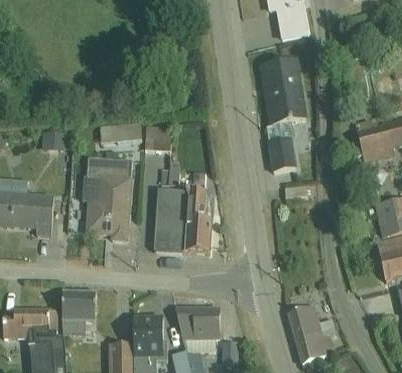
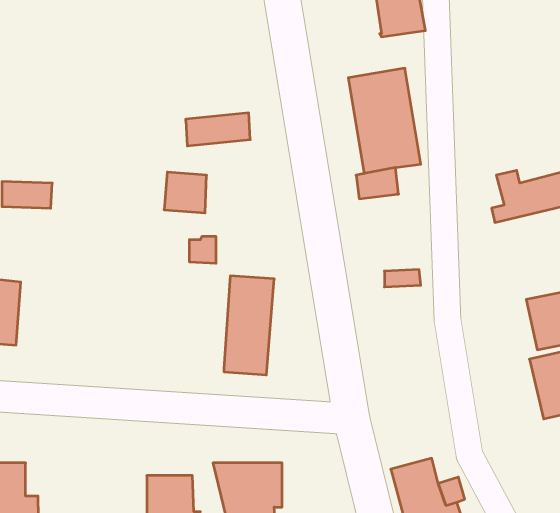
building: [99,120,140,141] -> [186,113,250,146]
building: [267,137,296,170] -> none
building: [83,156,131,239] -> none
building: [153,187,186,249] -> none
building: [62,289,95,334] -> none

